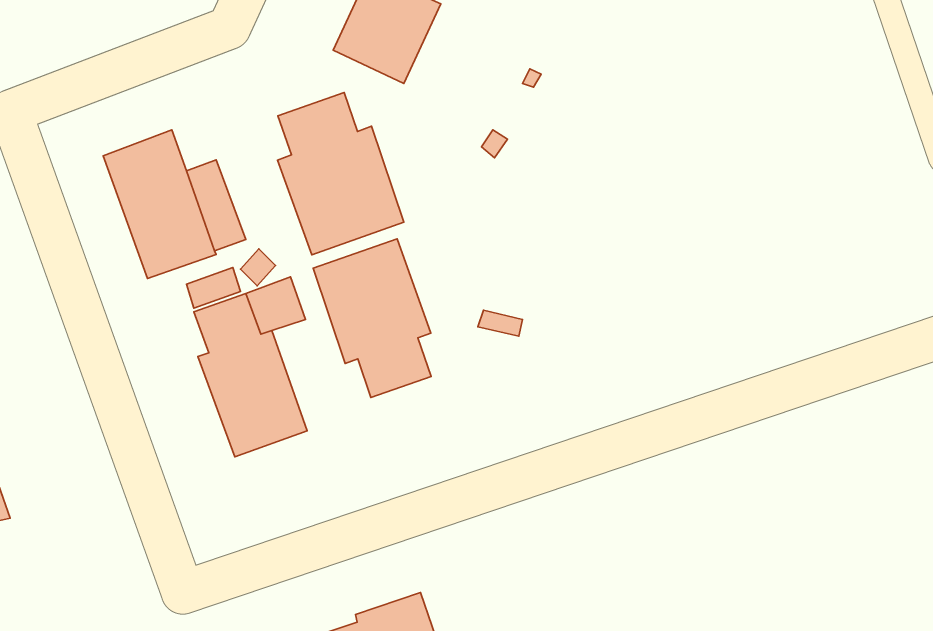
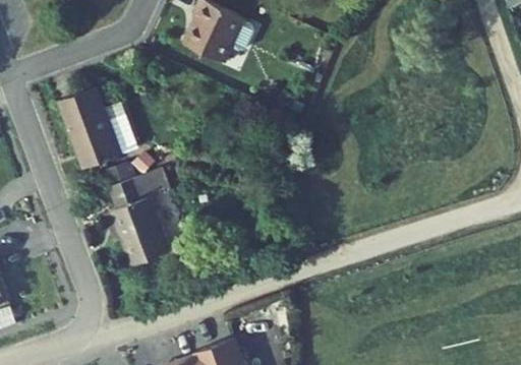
building: [277,93,404,255] -> none
building: [313,239,431,397] -> none

